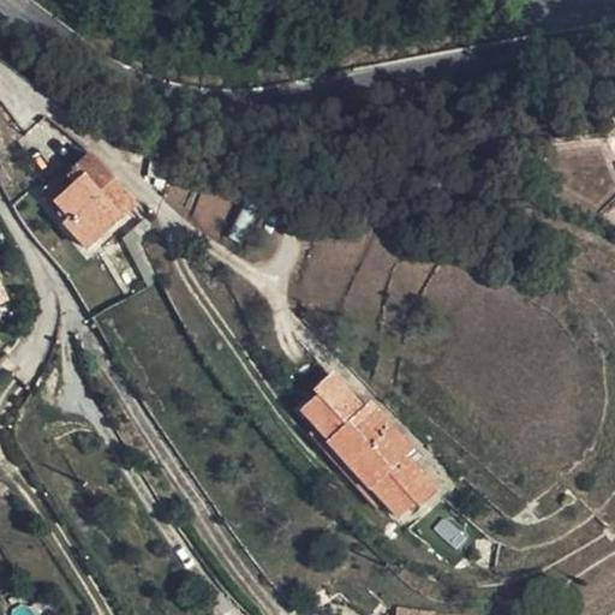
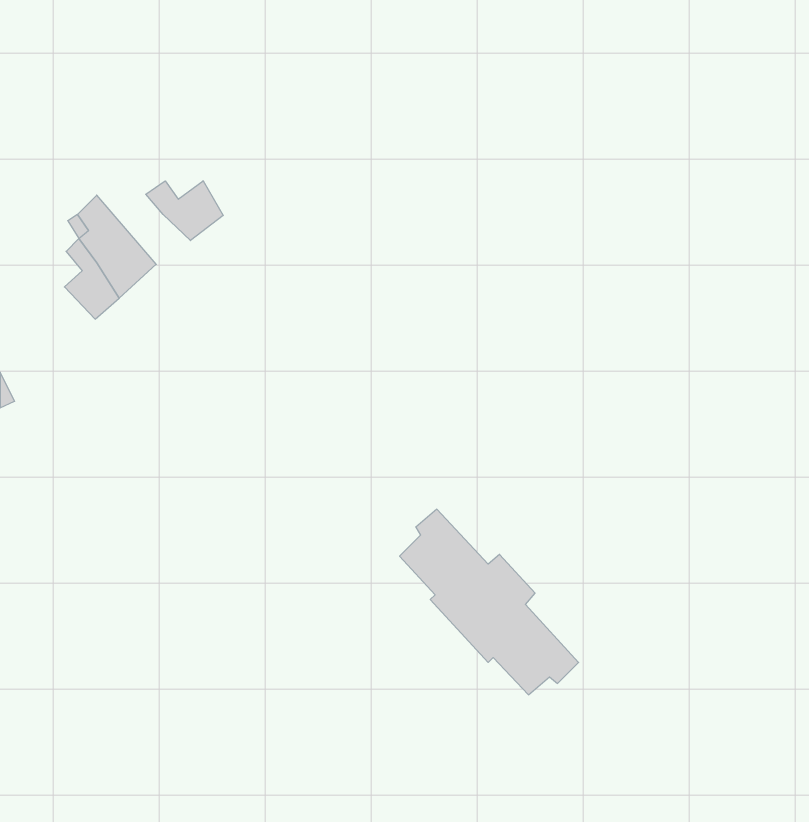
building: none -> [146,181,223,241]

